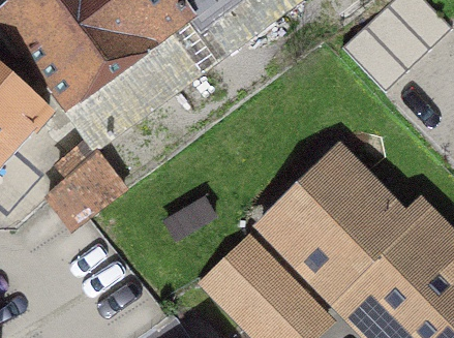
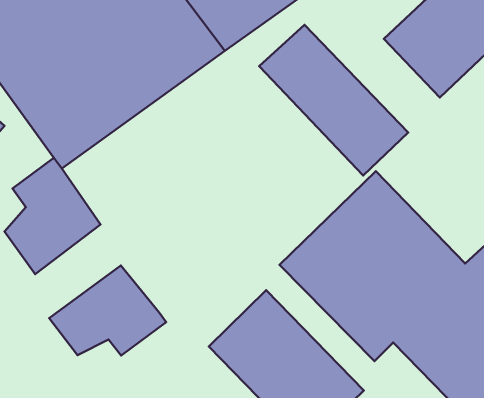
building: none -> [259,25,408,176]
building: none -> [49,265,166,356]

